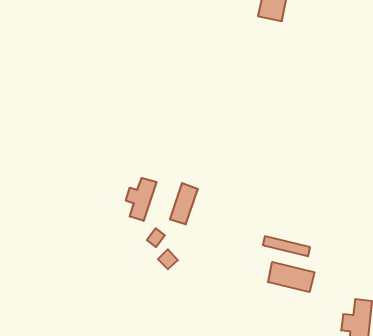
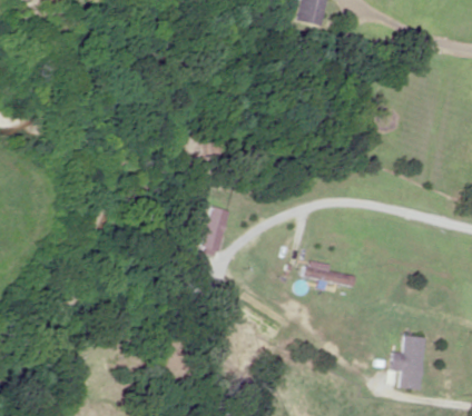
building: [126,178,157,221] -> none
building: [268,262,315,292] -> none

